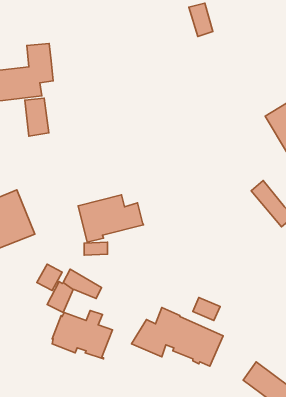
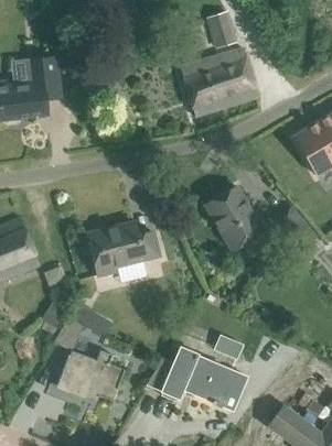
building: none -> [180,50,257,117]
building: [25,98,49,136] -> none
building: none -> [205,186,266,250]

